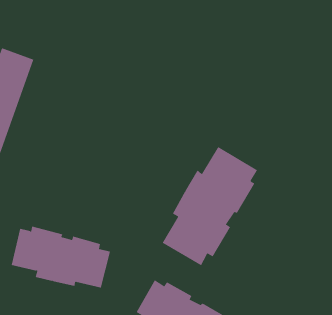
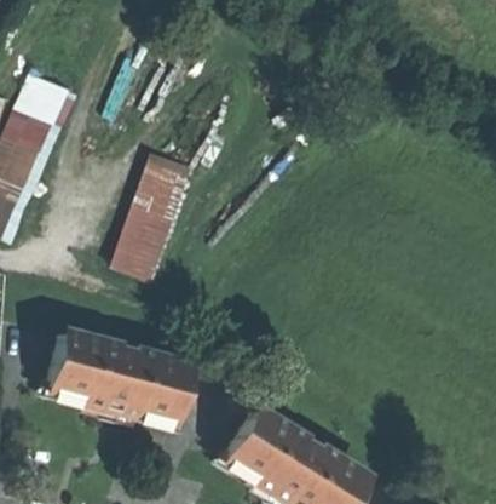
building: none -> [110,155,192,287]
building: [162,146,258,266] -> none

